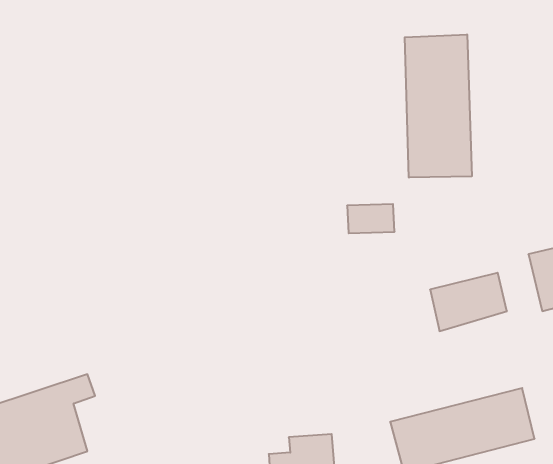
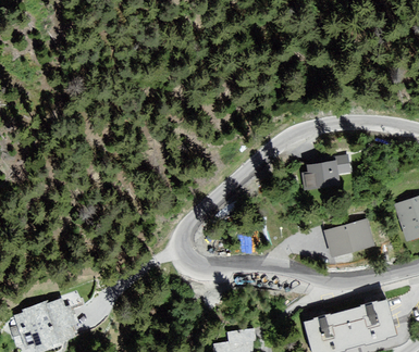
building: [405,34,472,178] -> none
building: [347,204,395,233] -> [305,163,338,184]

